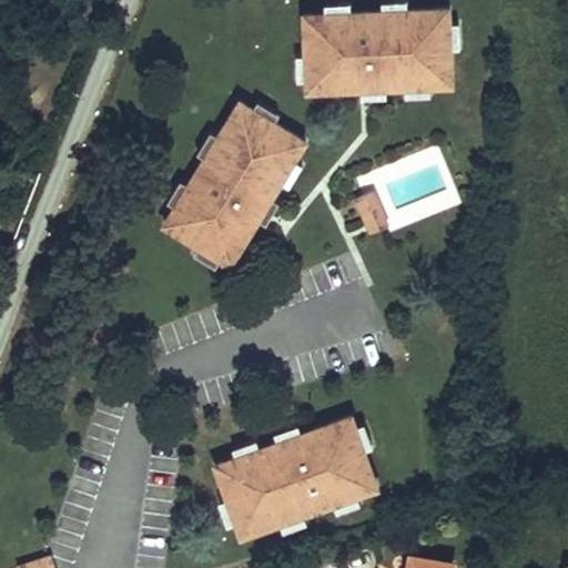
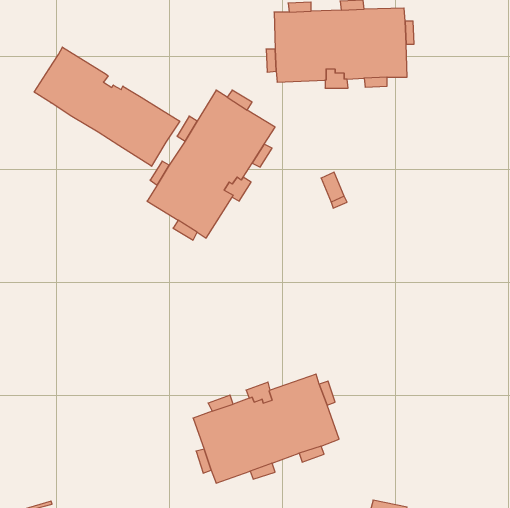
building: none -> [34,47,180,166]

